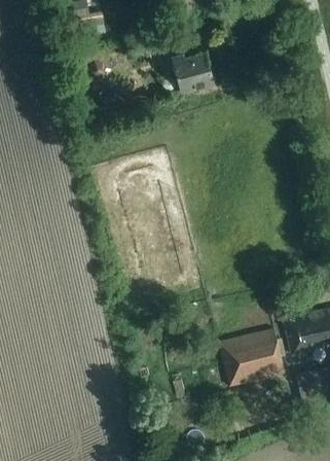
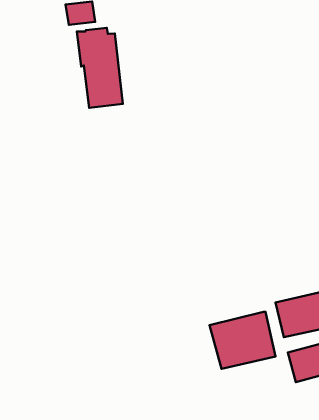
building: none -> [77,28,123,108]
building: [172,52,217,92] -> none

